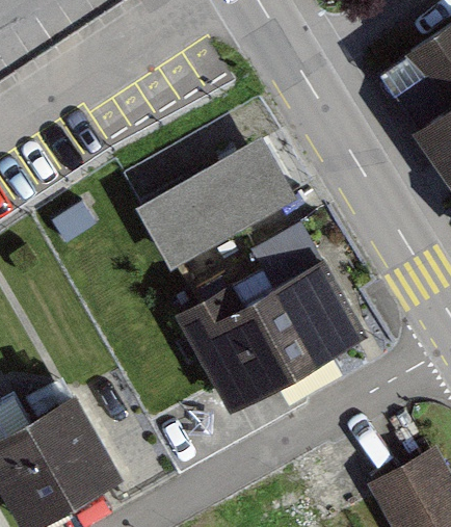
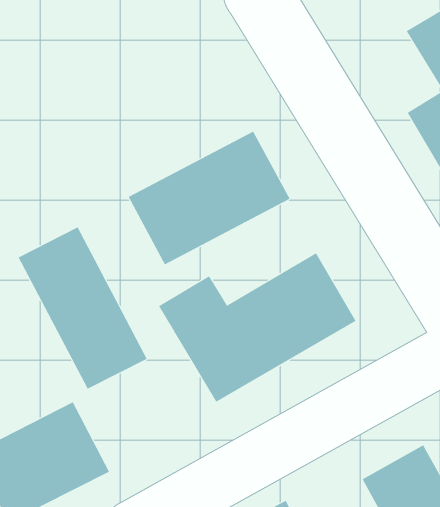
building: none -> [18,227,147,390]

